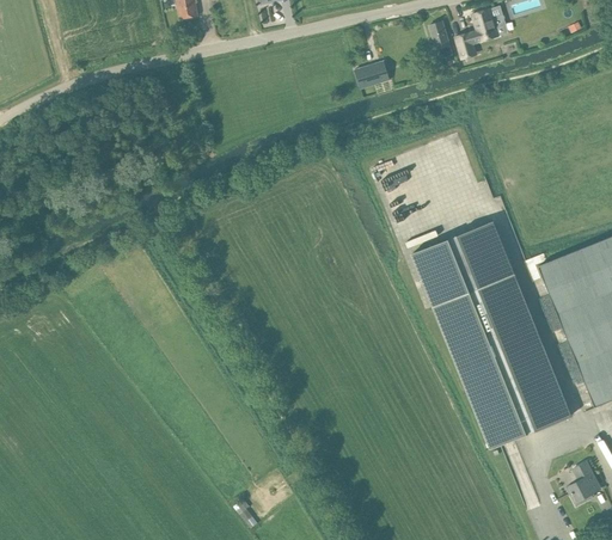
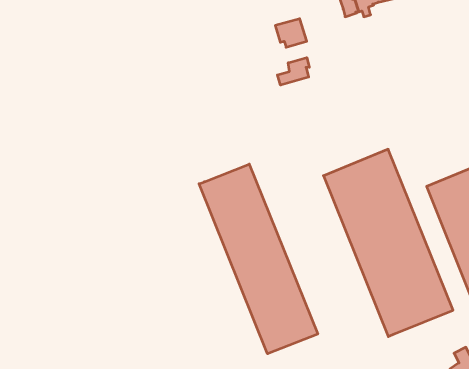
building: none -> [277,58,309,85]
building: none -> [199,164,318,354]

